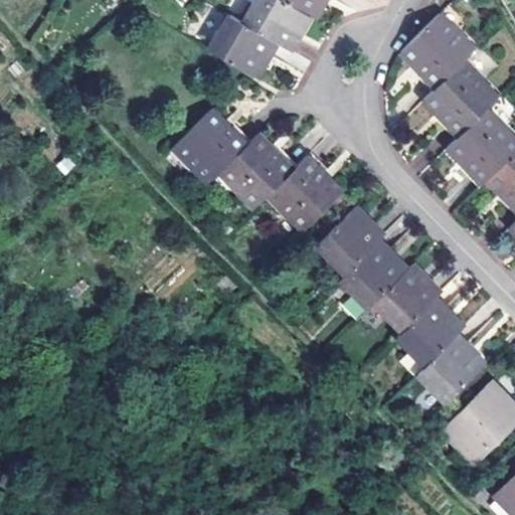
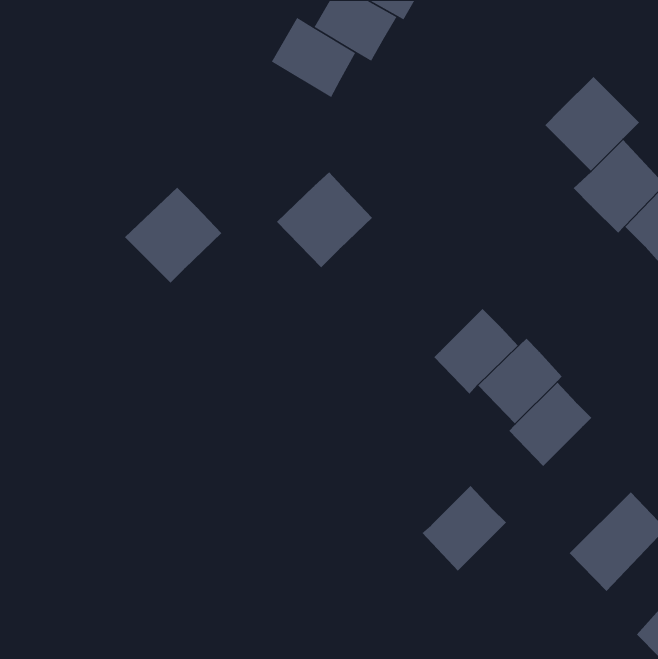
building: [402,12,476,85] -> none
building: [169,109,245,184] -> [124,187,222,284]
building: [267,157,340,231] -> none
building: [317,208,382,274] -> none
building: [417,333,484,400] -> [422,485,507,572]

